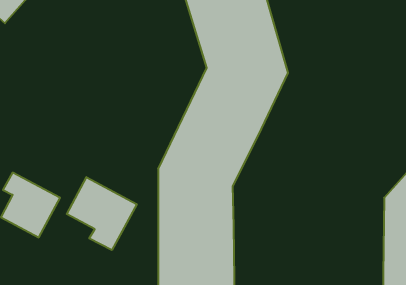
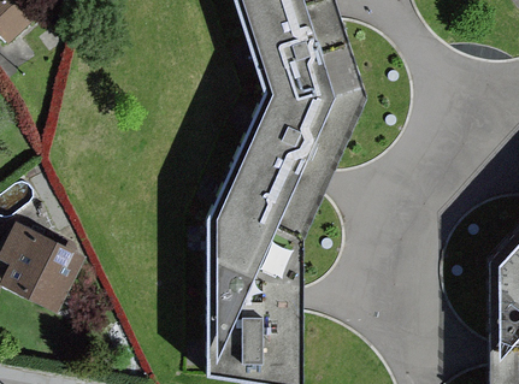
building: [67,177,137,250] -> none

